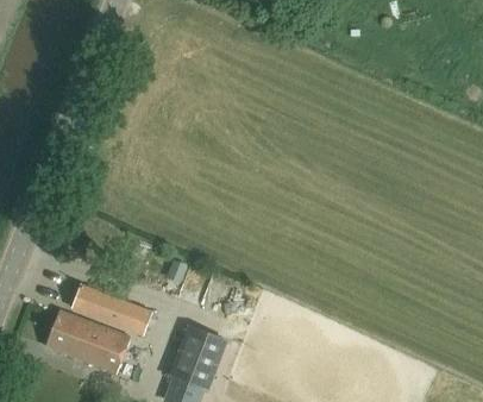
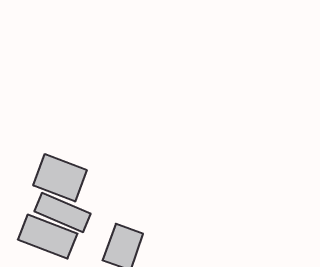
building: none -> [33,154,87,202]

